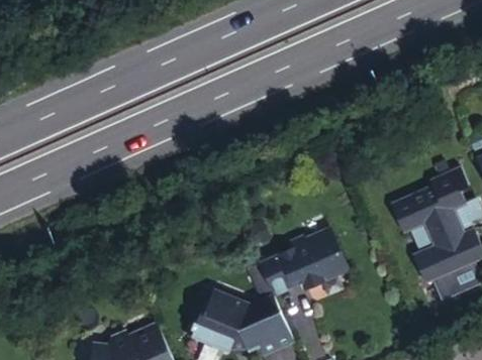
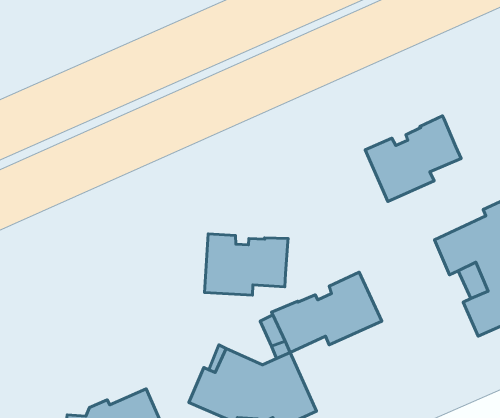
building: none -> [365,116,461,202]
building: none -> [205,234,288,295]

